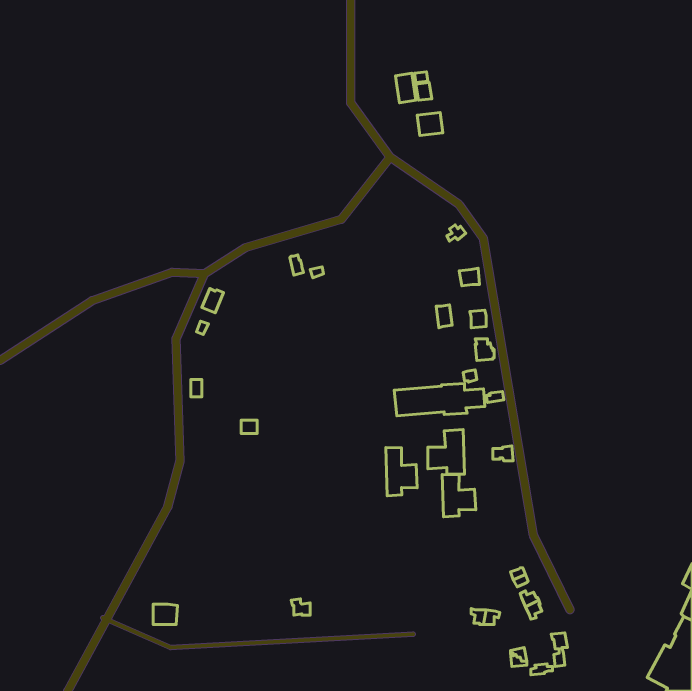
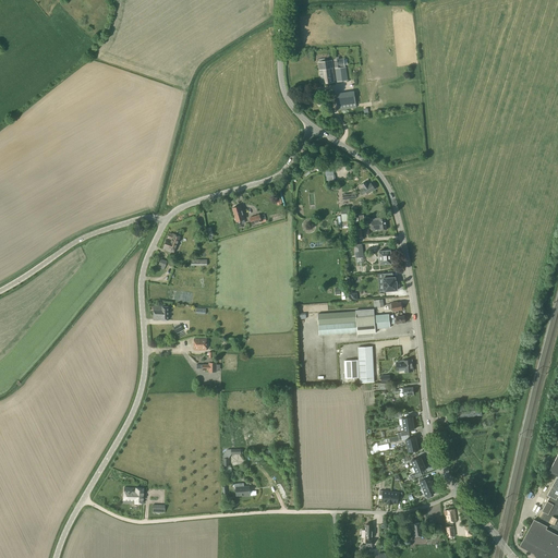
building: [386,447,417,496] -> none
building: [442,475,476,517] -> none

